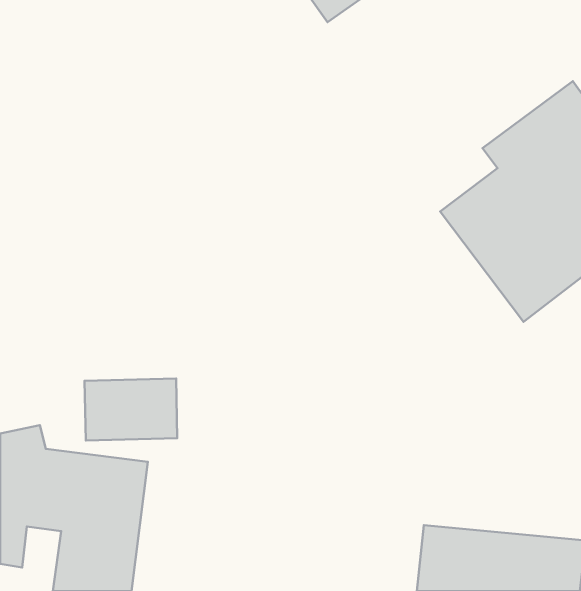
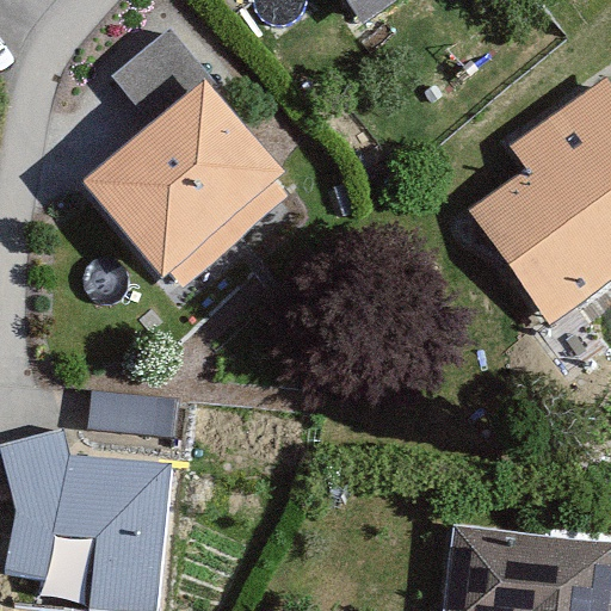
building: none -> [74,27,273,282]

